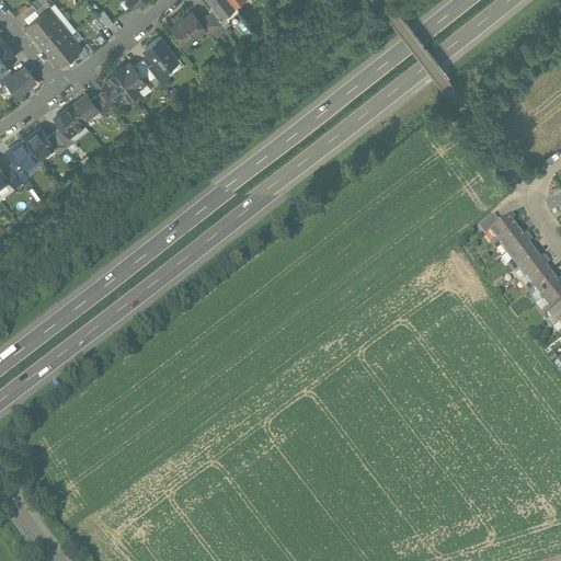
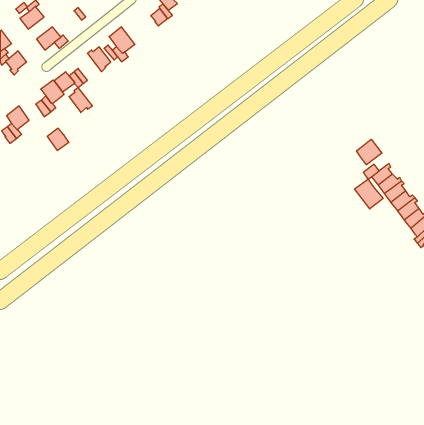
building: [174,12,207,44] -> none
building: [39,22,71,51] -> none
building: [105,70,136,103] -> [69,88,92,112]
building: [27,128,56,158] -> [47,128,69,151]
building: none -> [357,139,382,165]
building: none -> [355,178,383,209]

